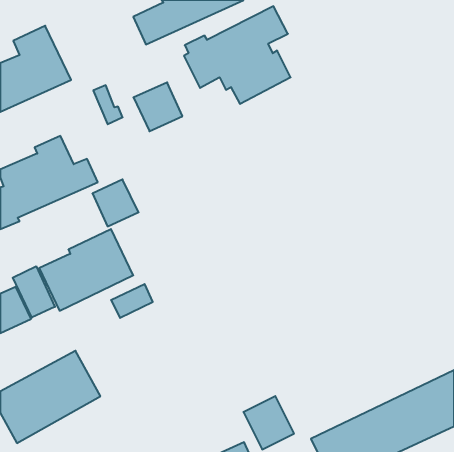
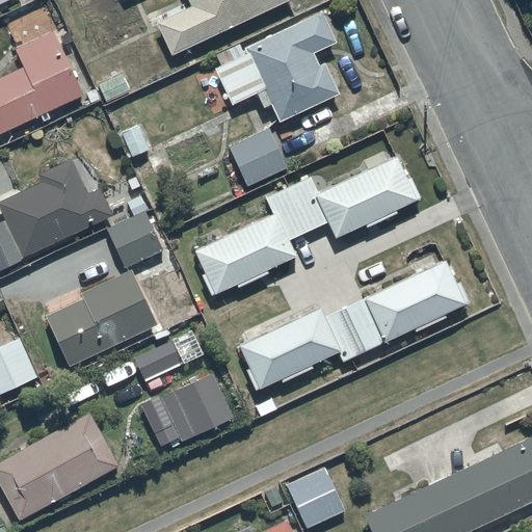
building: [133,82,182,131] -> [229,129,286,186]
building: none -> [196,158,421,295]
building: none -> [240,263,469,390]
building: [13,266,55,318] -> none
building: none -> [141,375,233,449]

